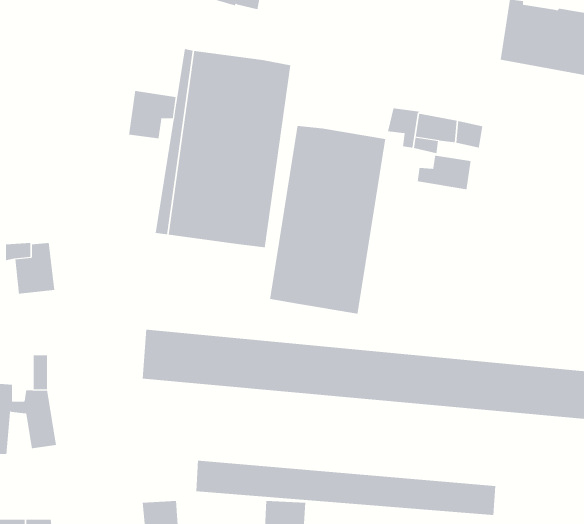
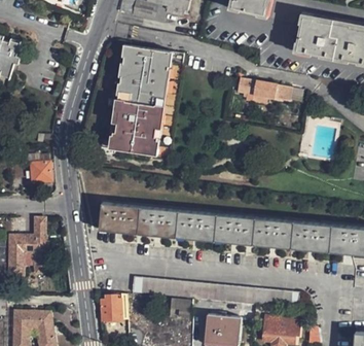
building: [129,90,176,139] -> none
building: [270,125,386,314] -> none
building: [417,155,471,190] -> none

